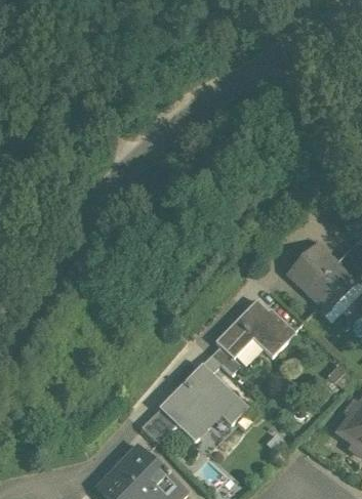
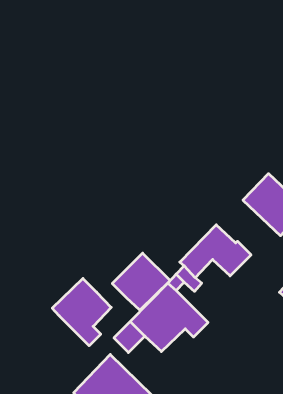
building: none -> [112,253,170,310]
building: none -> [52,278,111,346]

